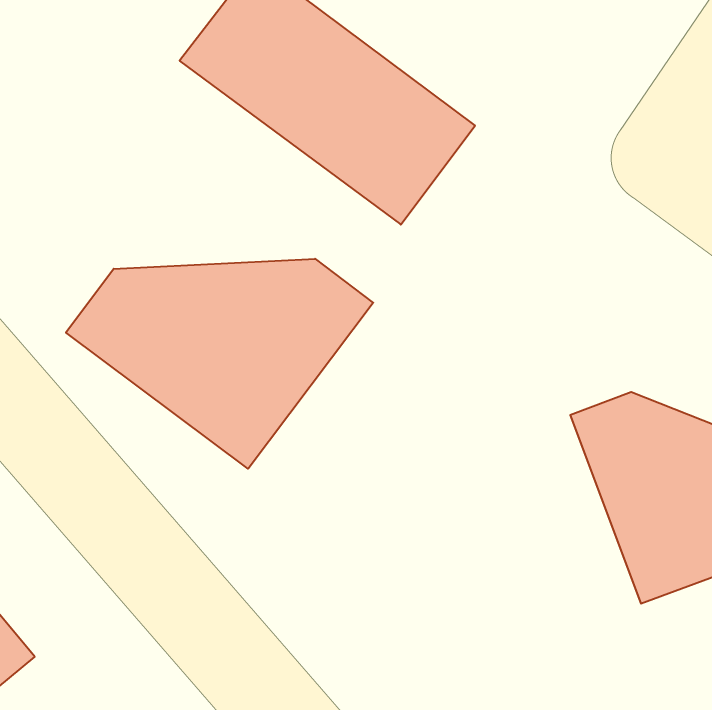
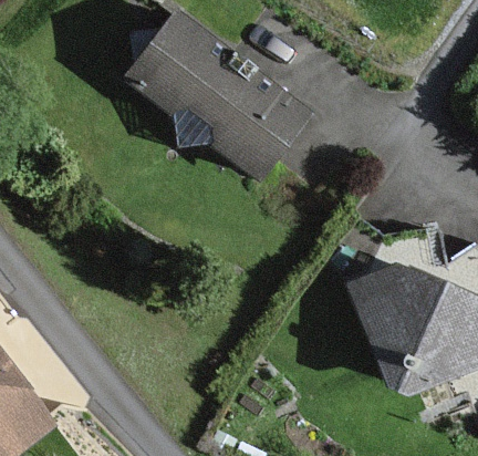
building: [66,259,373,469] -> none

